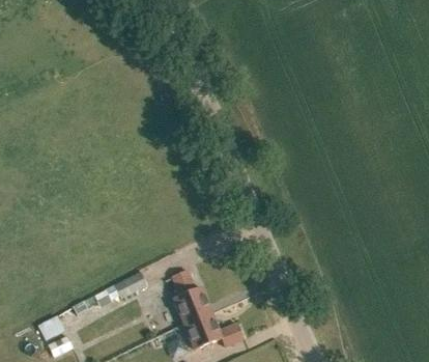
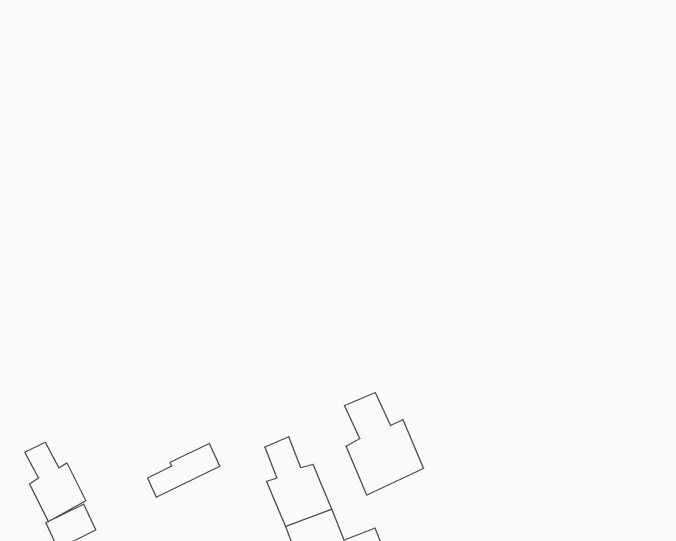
building: none -> [345,393,424,495]
building: none -> [25,442,86,522]

